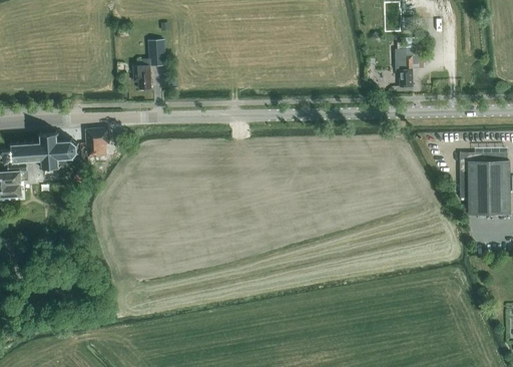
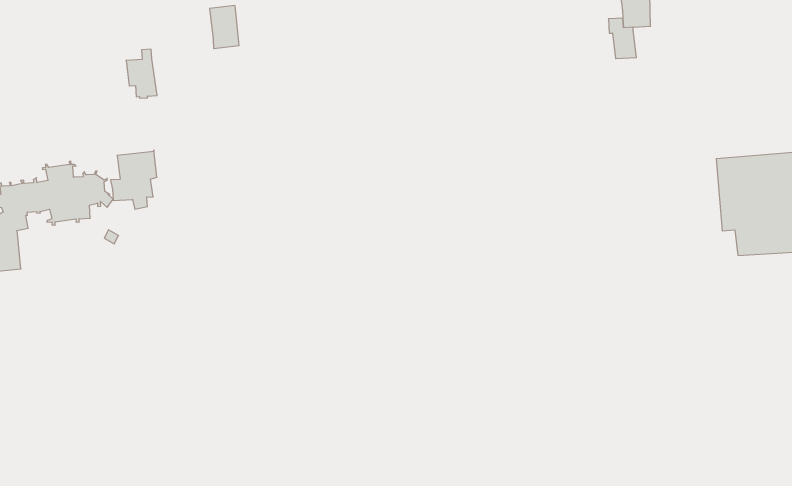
building: [133,60,151,90] -> [126,49,157,98]

